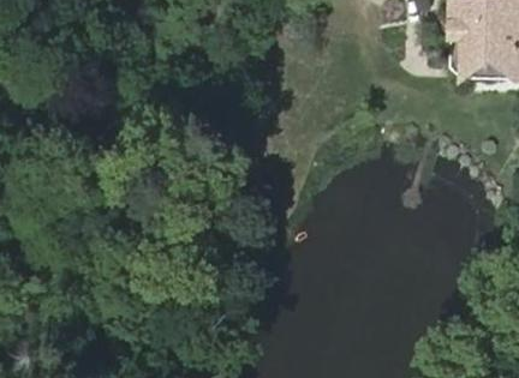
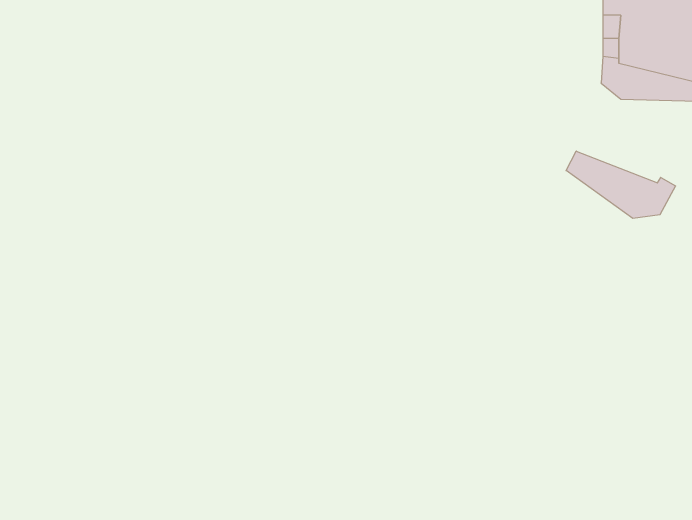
building: none -> [566,151,676,218]

